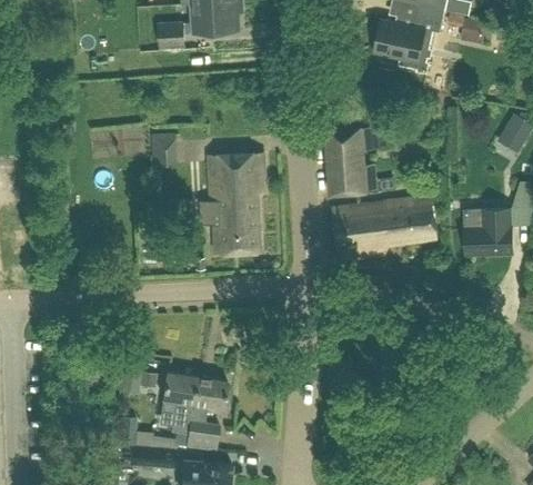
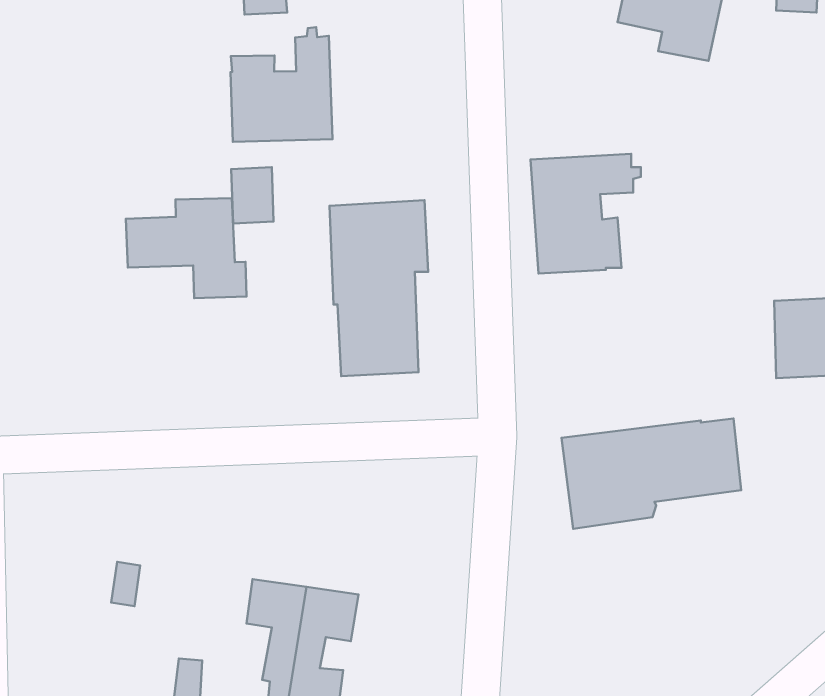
building: none -> [230,27,333,142]
building: none -> [126,198,247,298]
building: [331,198,434,261] -> [562,419,741,529]

